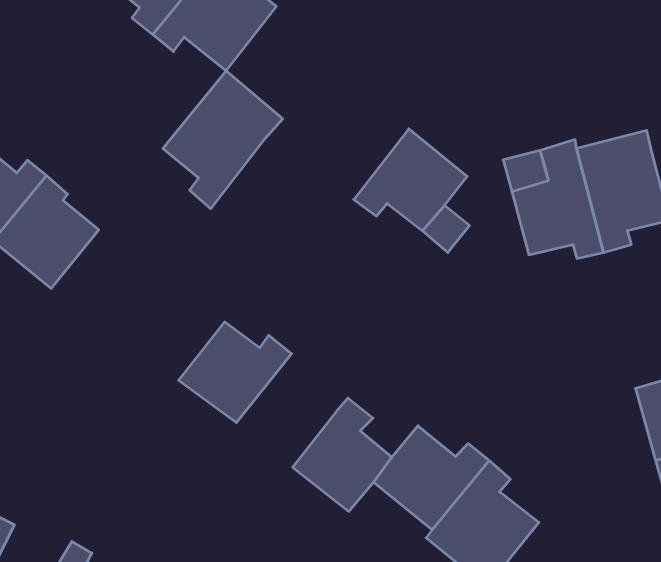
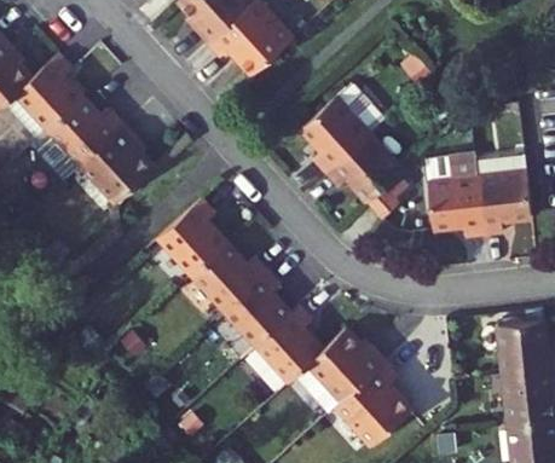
building: [163,71,283,209] -> [300,86,382,175]
building: none -> [158,199,227,277]
building: none -> [225,271,293,346]

